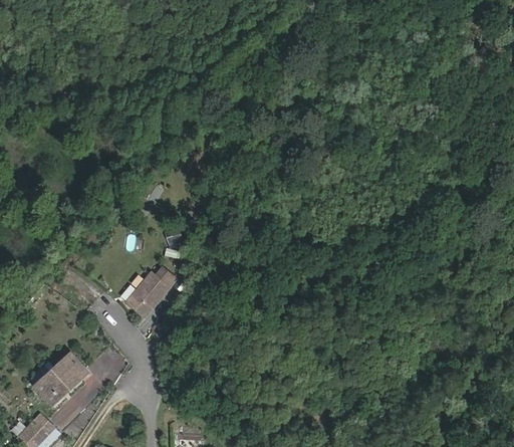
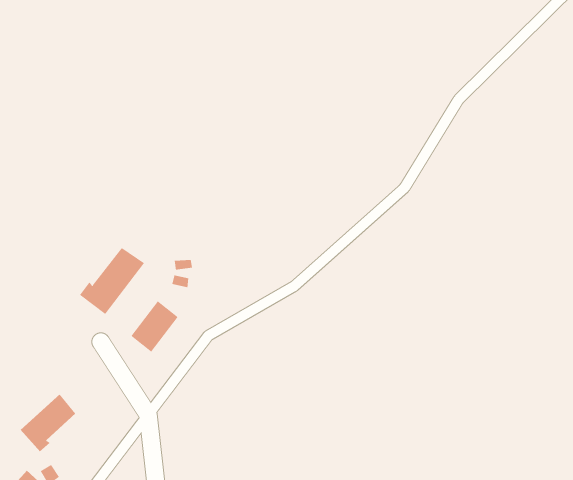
building: none -> [79,247,145,315]

